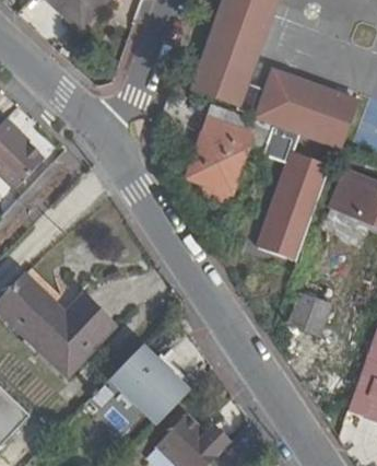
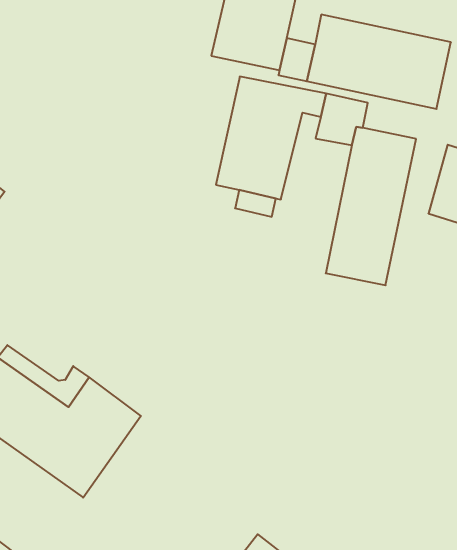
building: [288,295,328,336] -> none
building: [108,348,178,416] -> none

